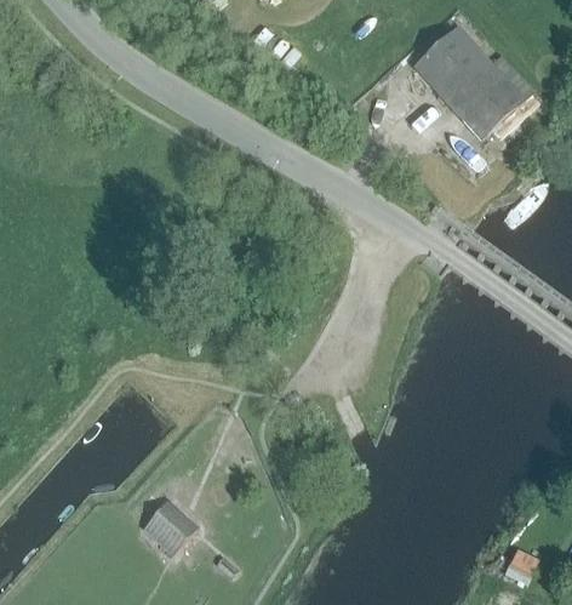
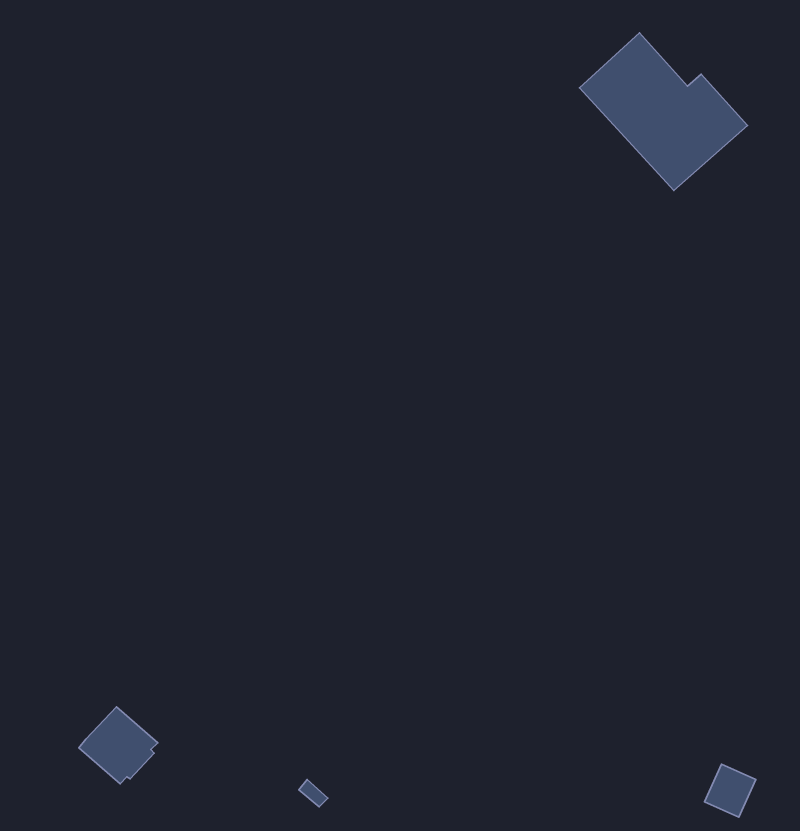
building: [142,501,198,555] -> [79,707,158,784]

